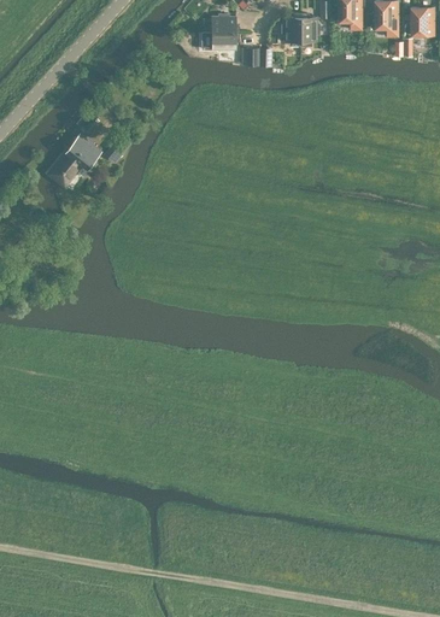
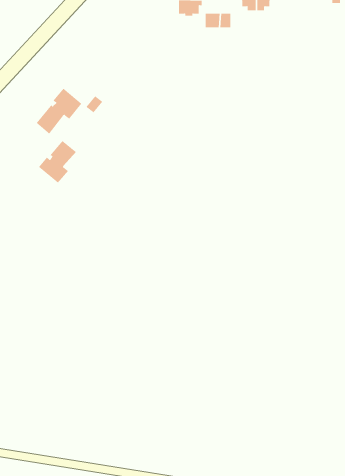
building: none -> [38,140,77,183]

